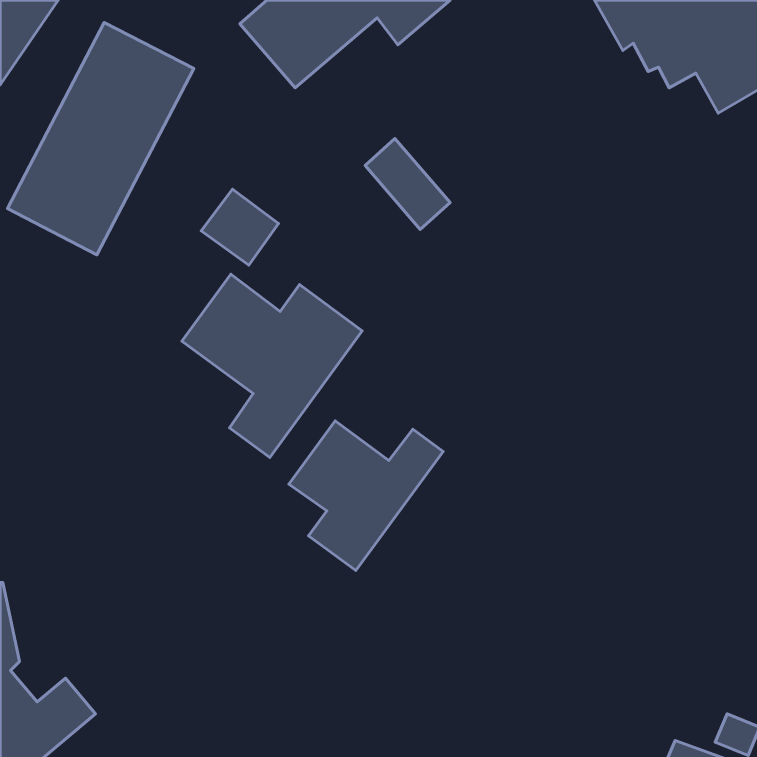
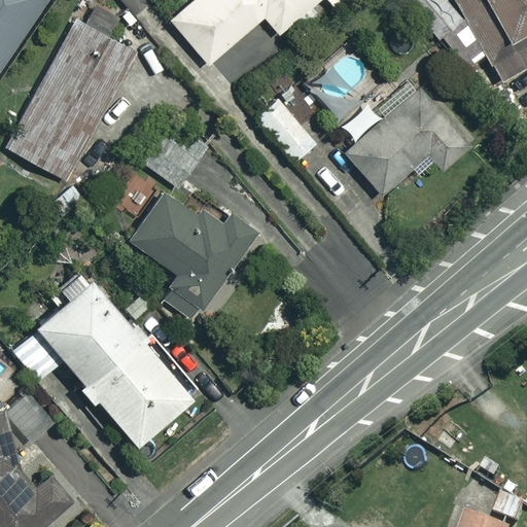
building: none -> [344,87,469,196]
building: none -> [11,269,202,446]
building: [289,421,443,570] -> none

